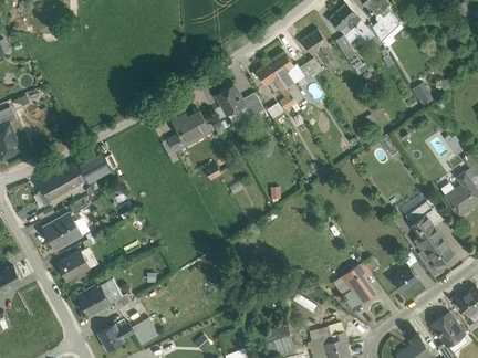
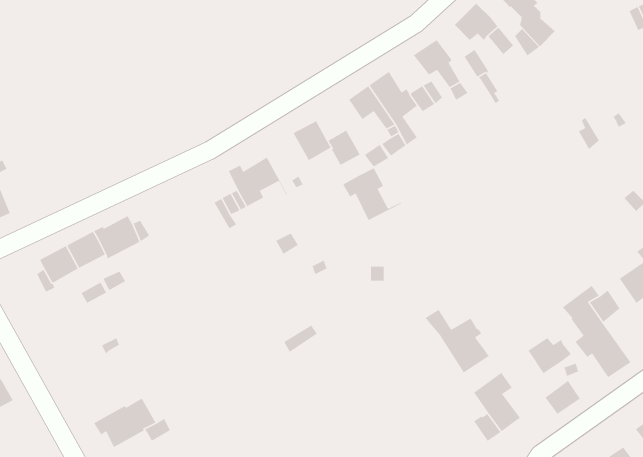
building: none -> [342,167,402,221]
building: [43,212,82,249] -> none
building: none -> [425,309,490,373]
building: none -> [527,337,572,374]
building: [56,251,90,281] -> none

